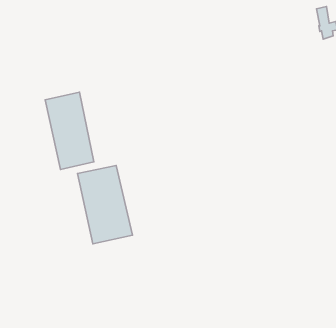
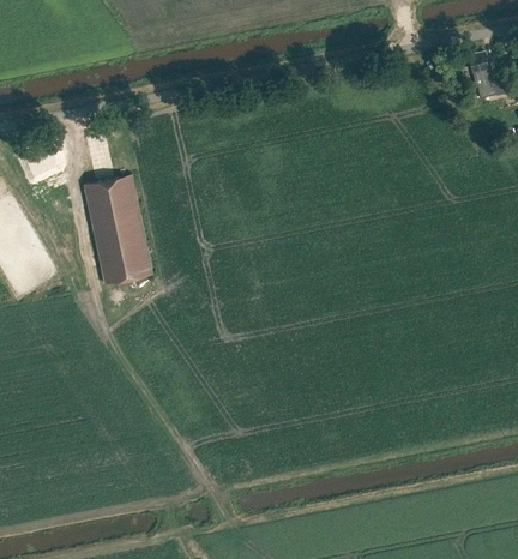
building: [78,165,132,244] -> none

